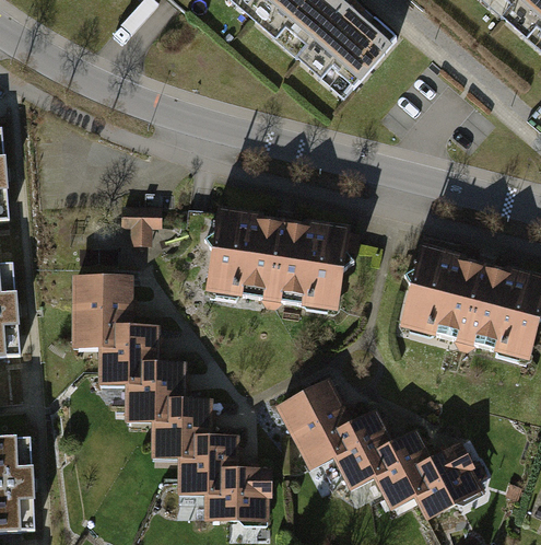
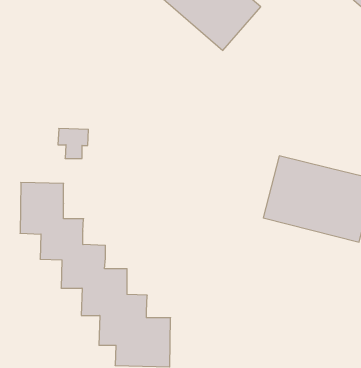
building: [203,208,348,306] -> none
building: [279,379,489,523] -> none

